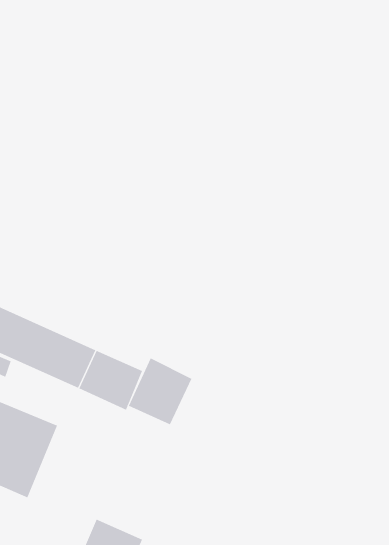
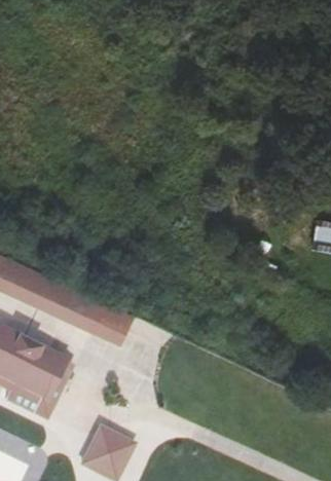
building: [128,358,192,425] -> none

